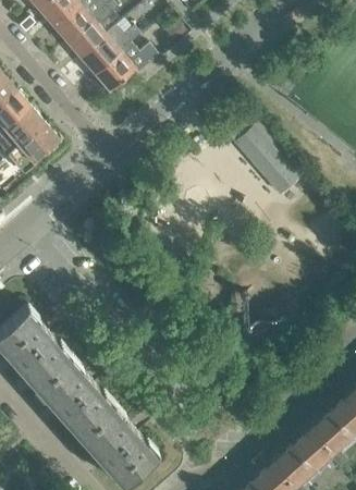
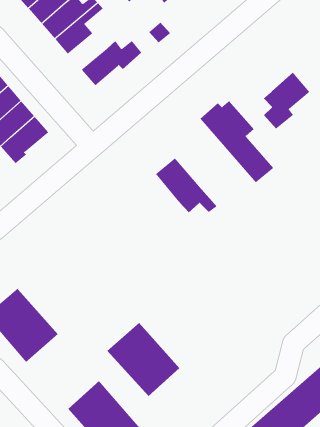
building: [79,29,140,75] -> none
building: none -> [263,72,310,130]
building: none -> [155,157,217,213]
building: [35,357,113,437] -> [107,322,180,397]

